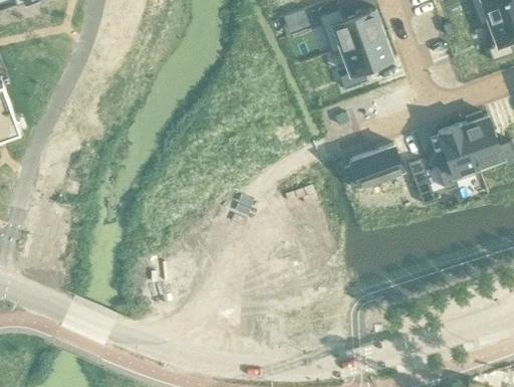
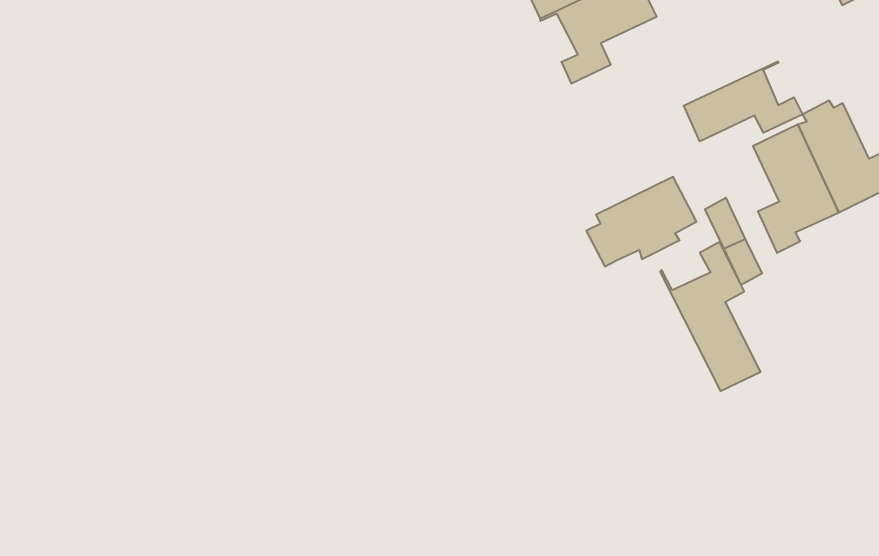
building: none -> [684,61,802,141]
building: none -> [660,242,761,391]

